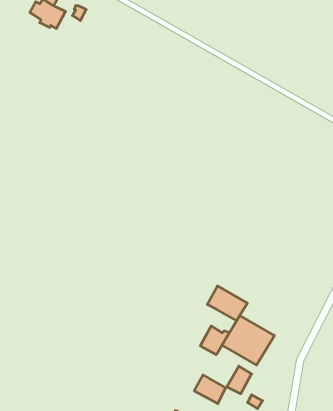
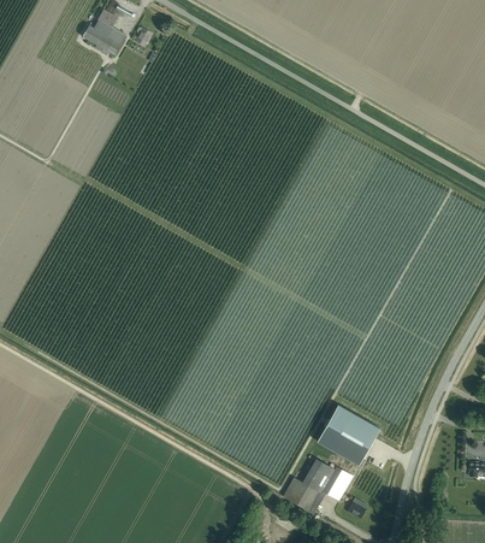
building: [207,286,247,321] -> none
building: [200,326,229,355] -> [302,458,337,492]

